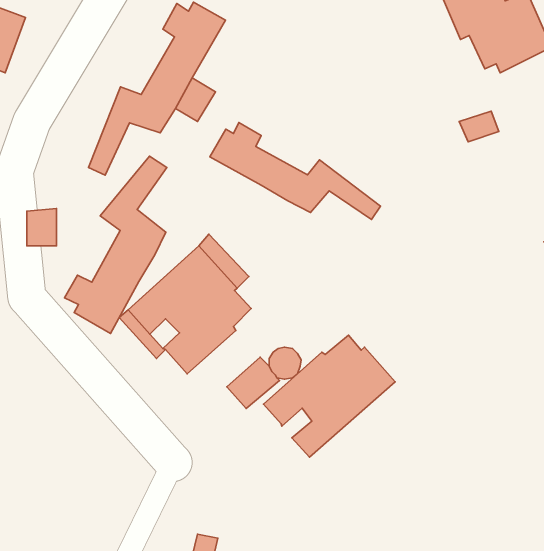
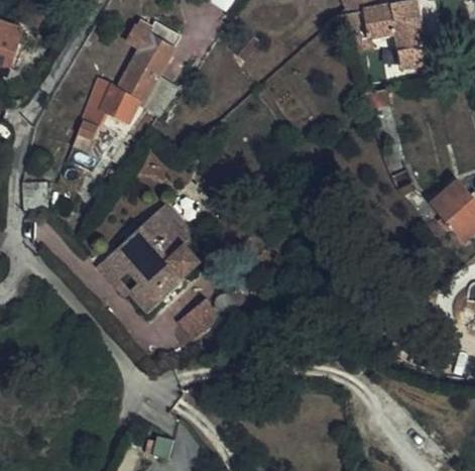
building: [210,123,380,220] -> none
building: [64,156,167,333] -> none
building: [264,335,395,457] -> none

